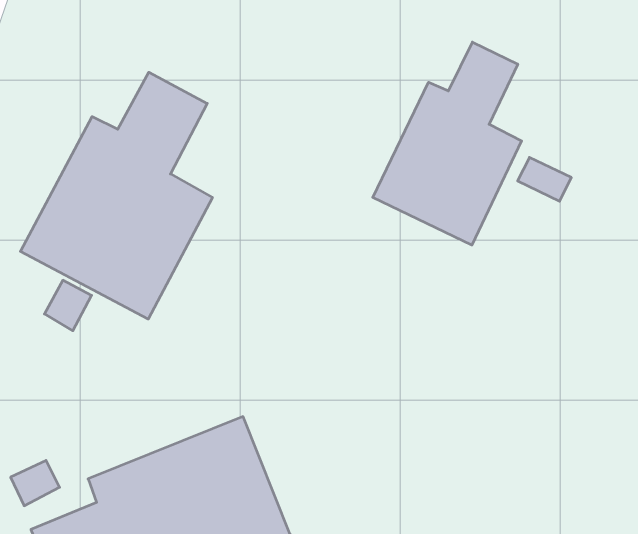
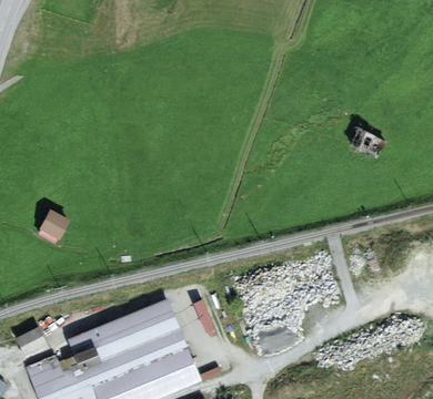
building: [373,42,522,245] -> none
building: [20,72,212,319] -> none

